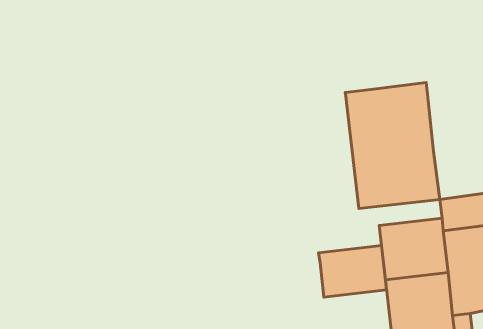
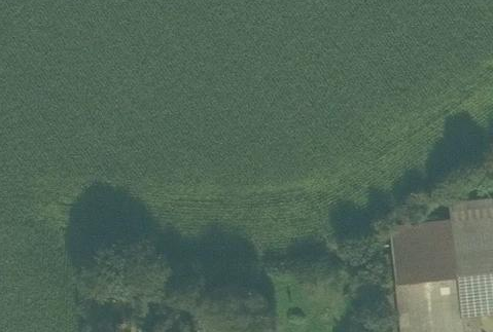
building: [345,82,440,208] -> none
building: [319,245,387,297] -> none

